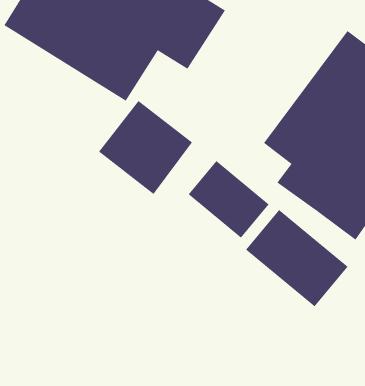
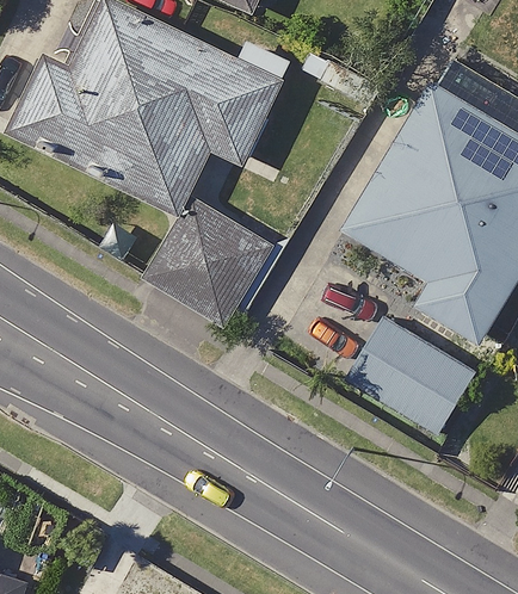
building: [188,160,270,239] -> none

